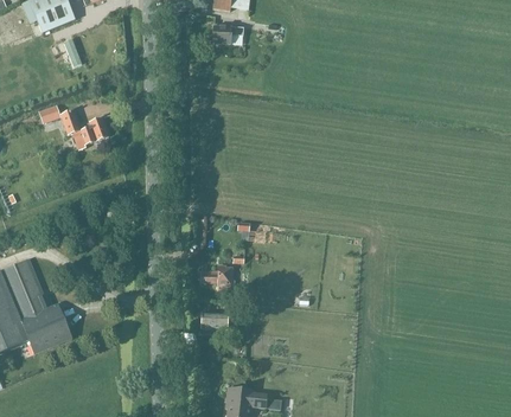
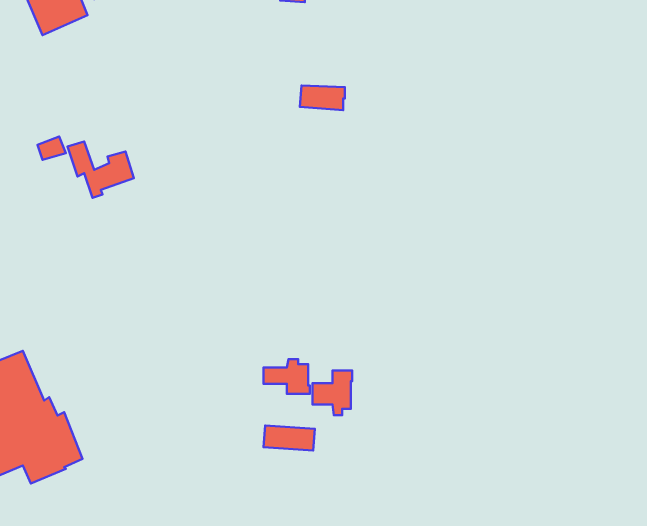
building: [211,26,243,44] -> [300,85,345,110]
building: none -> [312,370,352,415]

